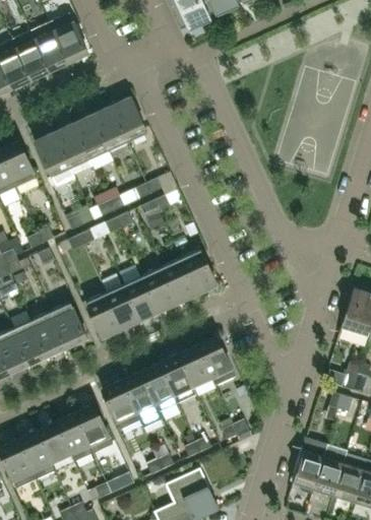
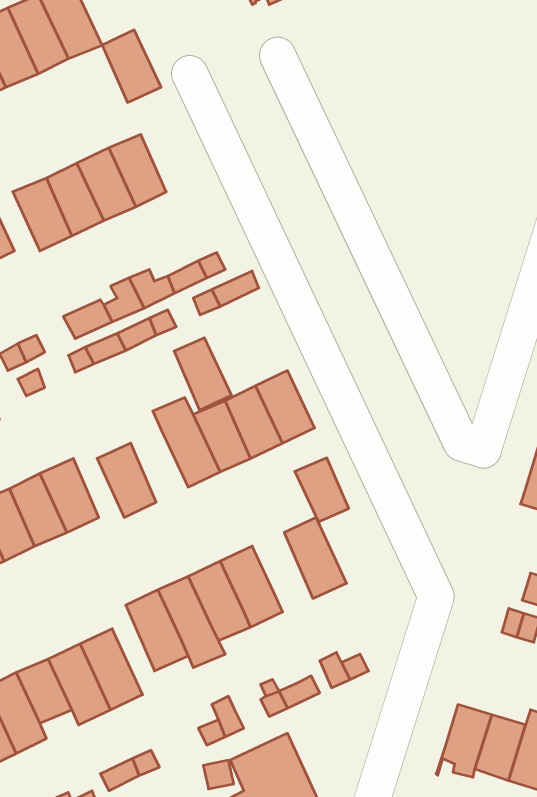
building: [112,98,147,141] -> [102,30,161,102]
building: [106,284,140,328] -> [174,338,231,410]
building: [179,346,211,385] -> [295,458,349,522]

